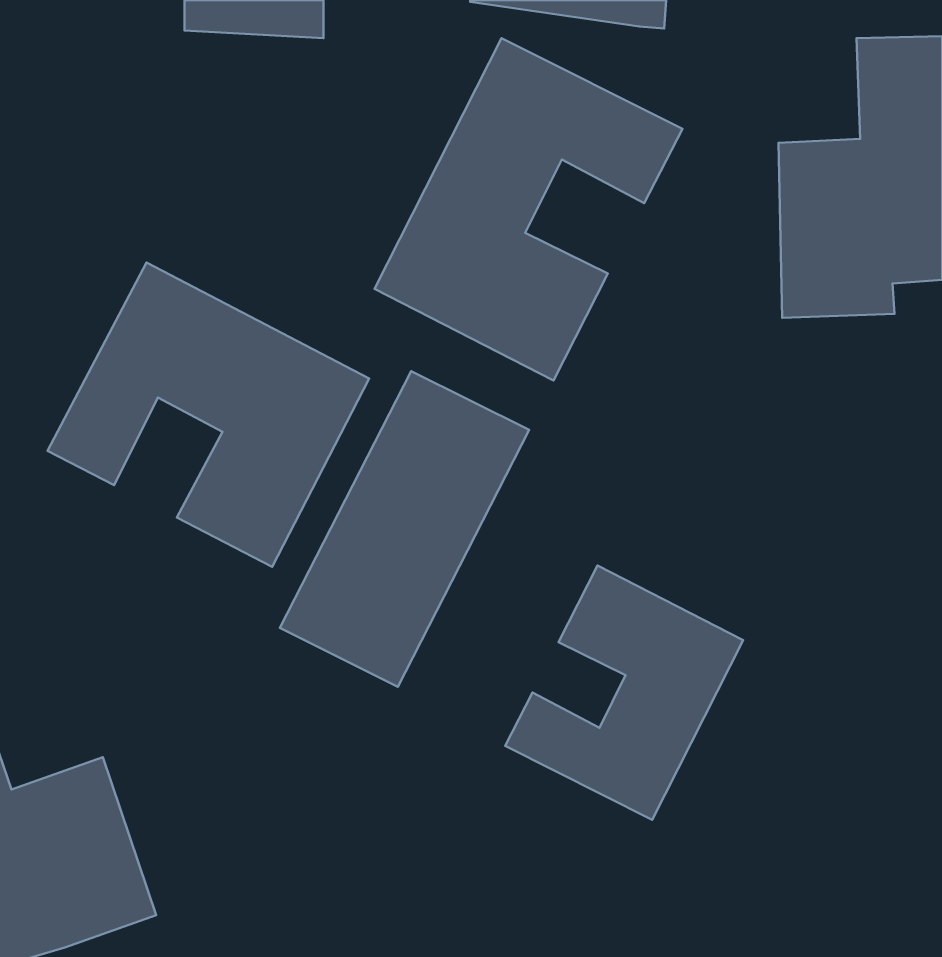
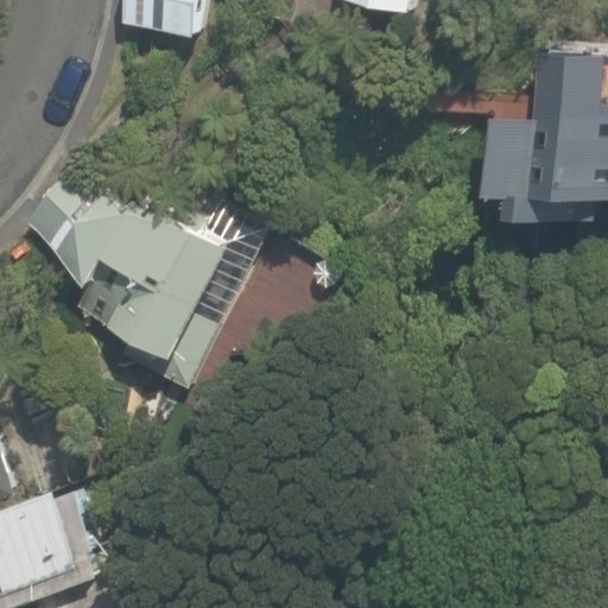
building: [374,38,682,381] -> none
building: [505,565,743,820] -> none

